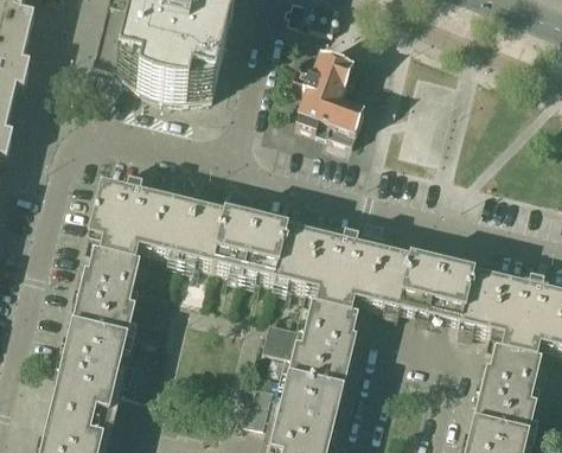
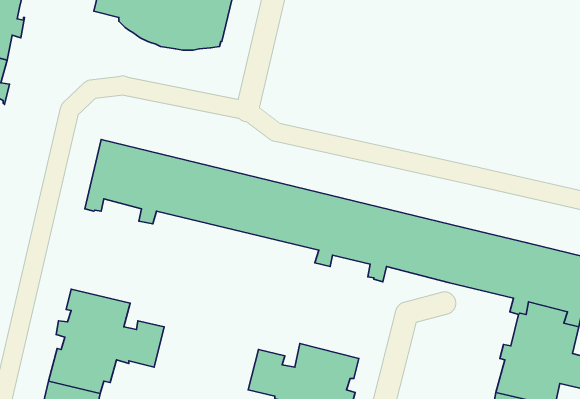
building: [301,51,370,140] -> none
building: [72,232,171,331] -> none
building: [263,286,358,383] -> none

